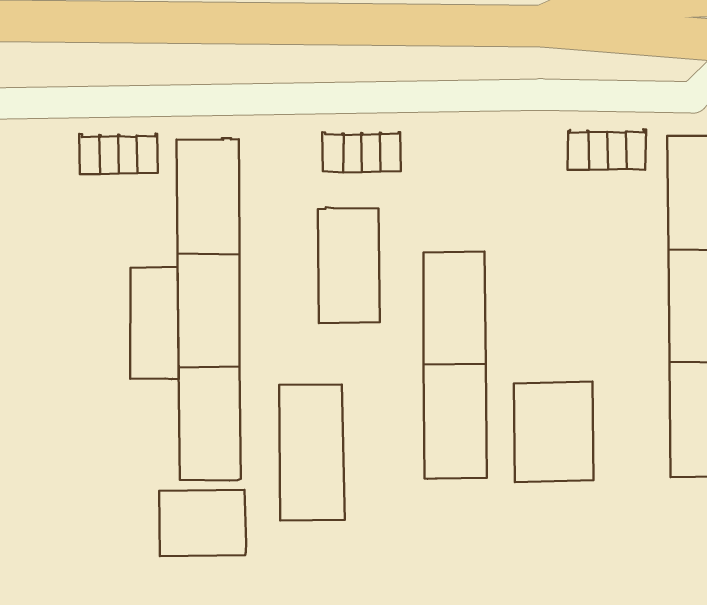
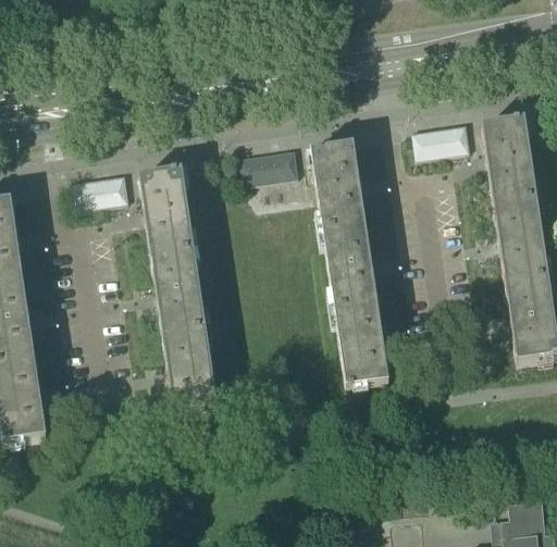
building: [318,207,380,323] -> [311,145,366,231]
building: [130,267,179,379] -> none
building: [514,382,593,482] -> none
building: [279,385,345,521] -> none
building: [159,490,246,556] -> none

